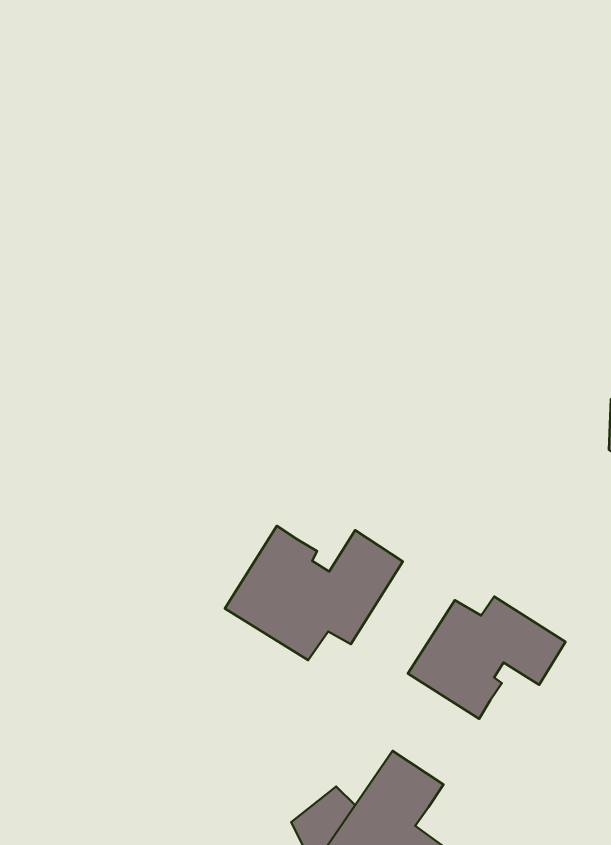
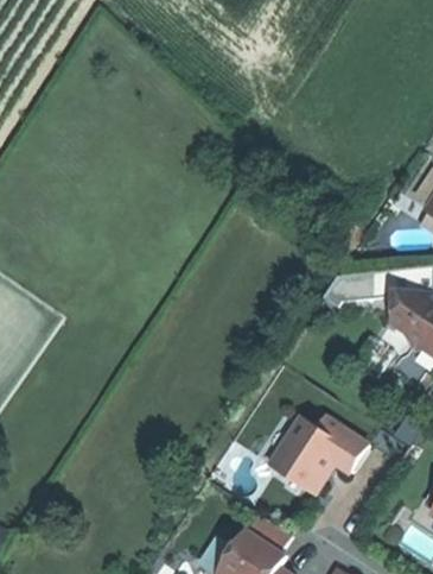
building: [225,526,403,660] -> none

